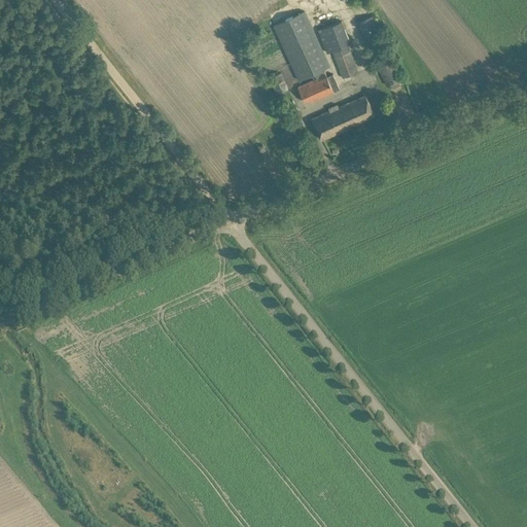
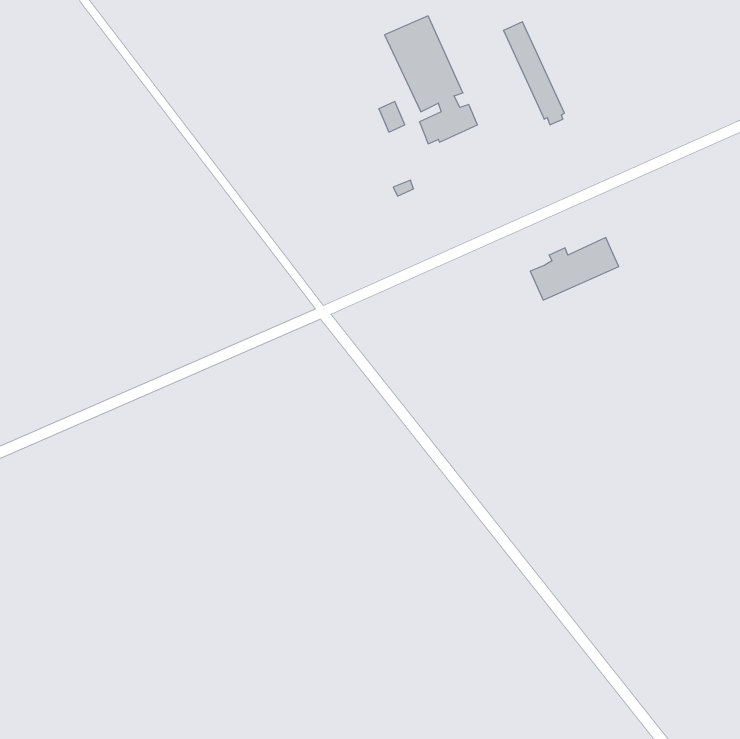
building: [318,23,357,79] -> none
building: [311,97,374,141] -> [530,238,619,300]

